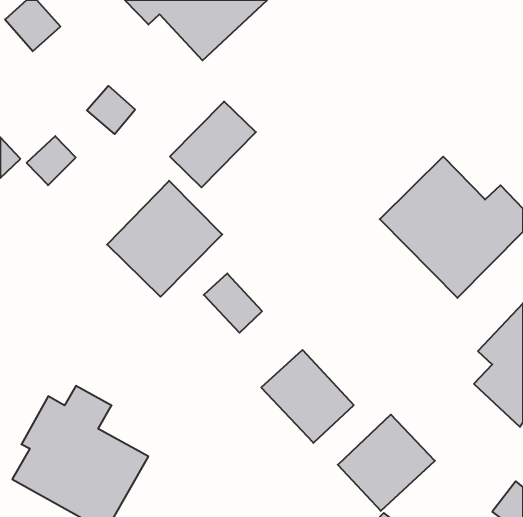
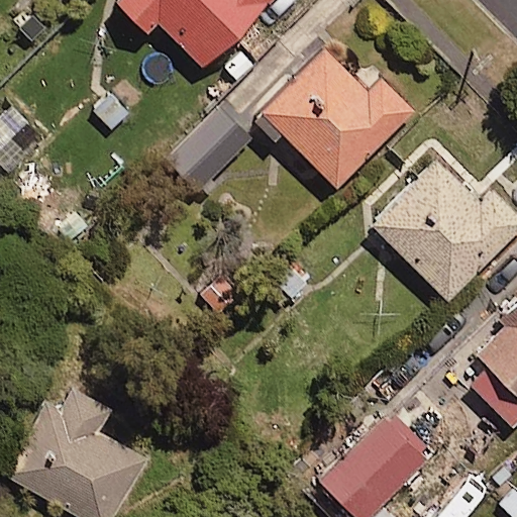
building: none -> [254,46,411,186]
building: [107,181,222,297] -> none
building: [261,350,354,443] -> none

